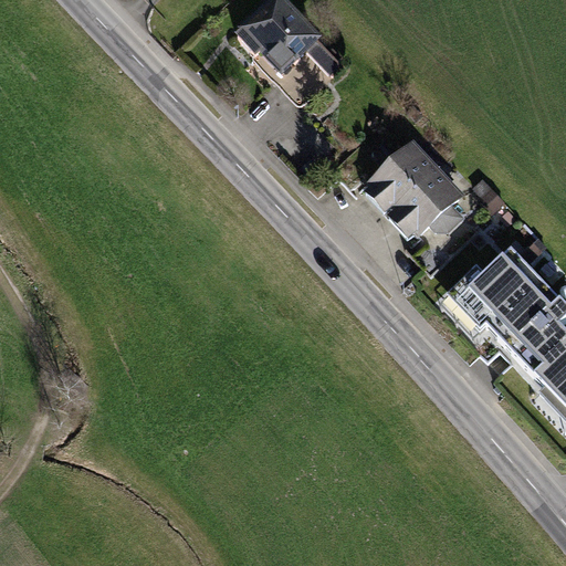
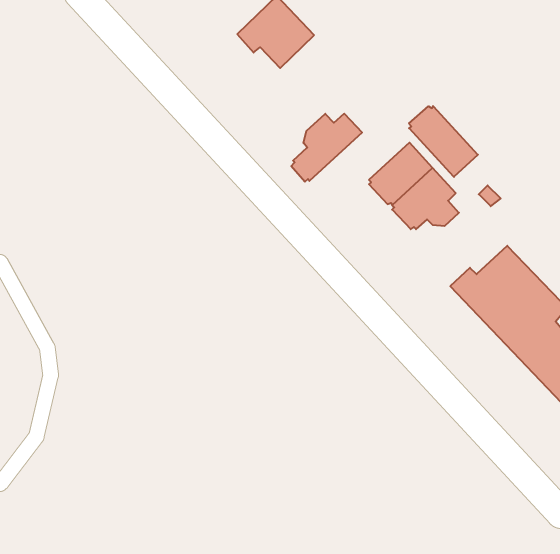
building: none -> [409,106,478,177]
building: none -> [291,114,362,182]

